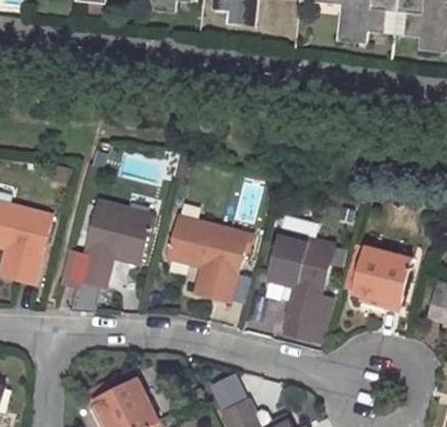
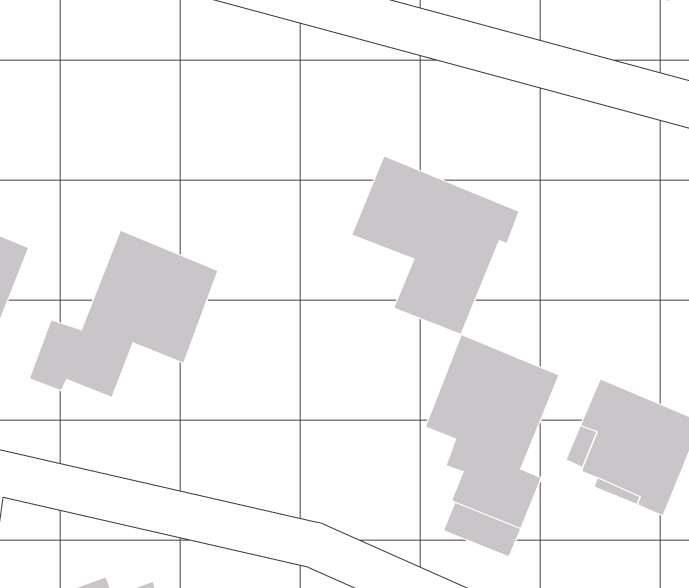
building: [167,215,252,301] -> [352,156,519,335]

